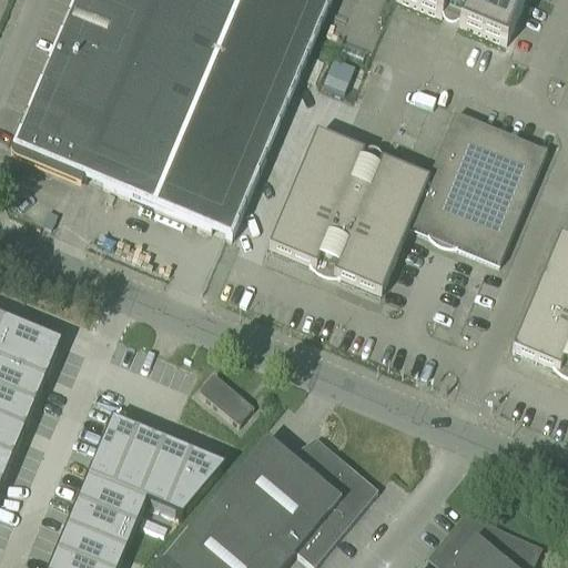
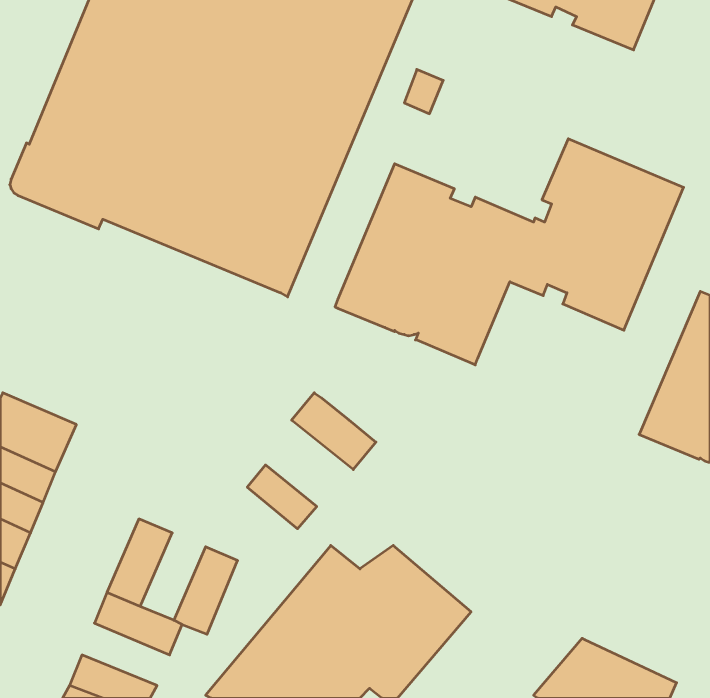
building: none -> [292,393,376,470]
building: [112,426,164,496] -> none
building: [165,448,224,514] -> none
building: [65,498,135,548] -> none

